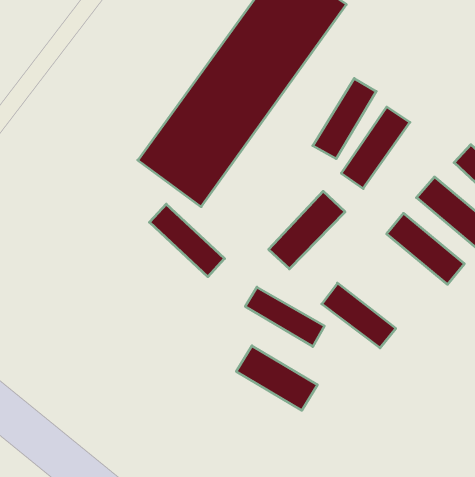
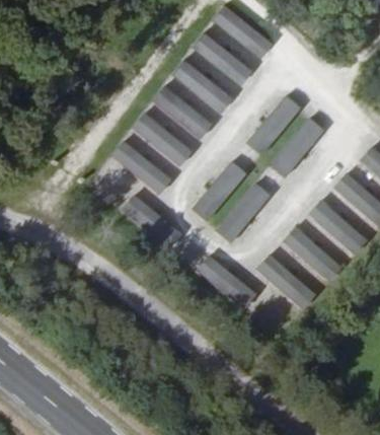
building: none -> [193,160,246,223]
building: none -> [282,225,336,281]
building: [236,346,317,410] -> none

